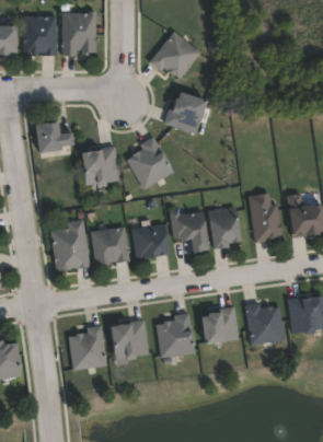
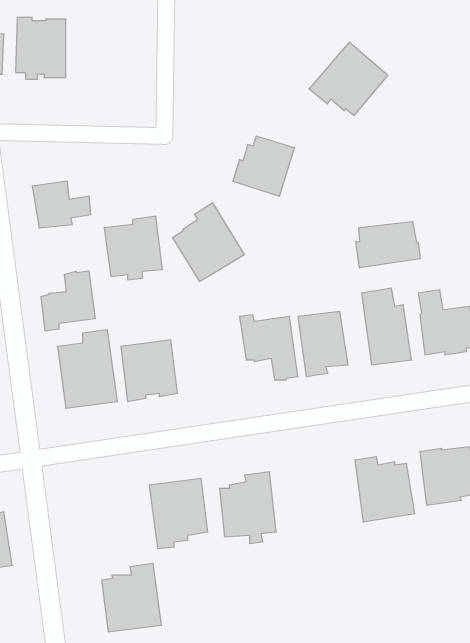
building: [61,11,96,56] -> none
building: [149,31,200,79] -> [309,42,388,116]
building: none -> [356,221,420,268]
building: none -> [41,271,95,331]
building: [132,224,168,260] -> none
building: [200,307,239,344] -> none
building: [68,324,107,369] -> [102,563,162,632]

